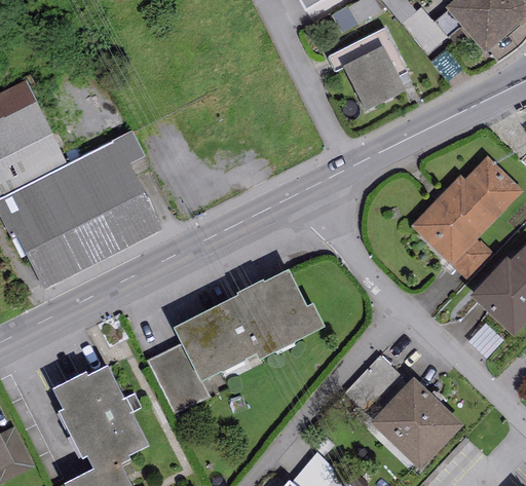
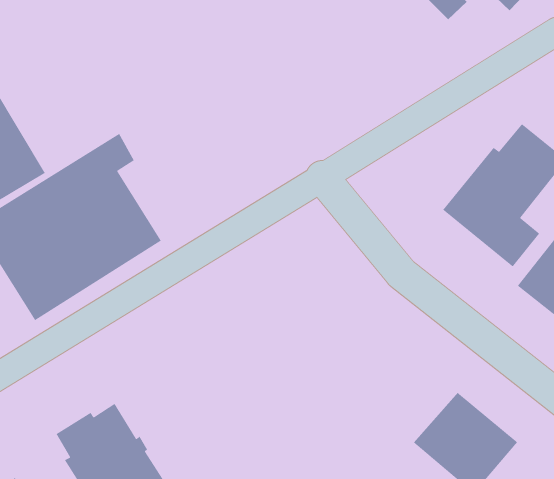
building: [342,44,406,110] -> none
building: [147,270,325,411] -> none
building: [353,364,401,411] -> none

